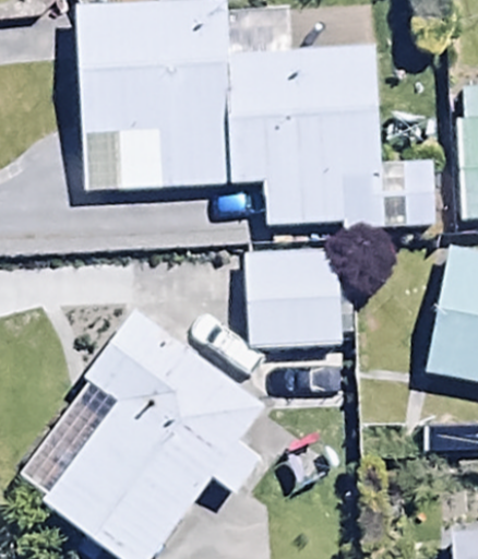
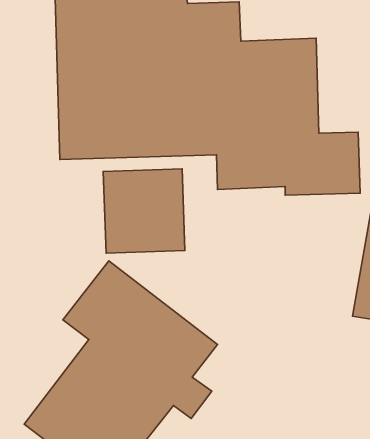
building: [244,249,339,347] -> [103,169,185,253]

